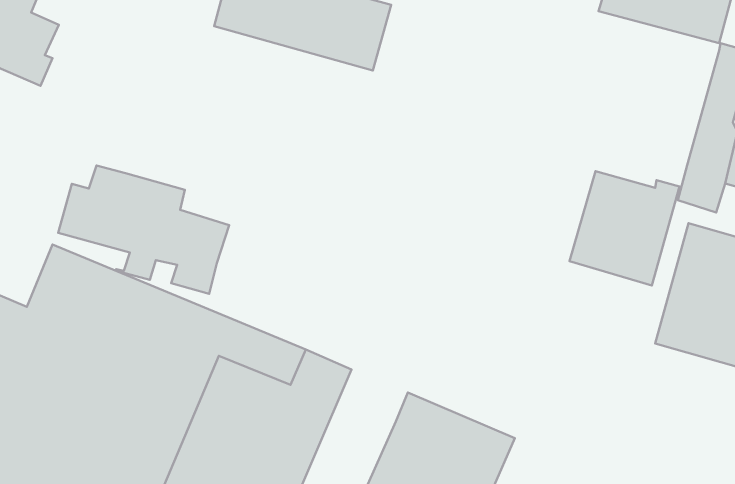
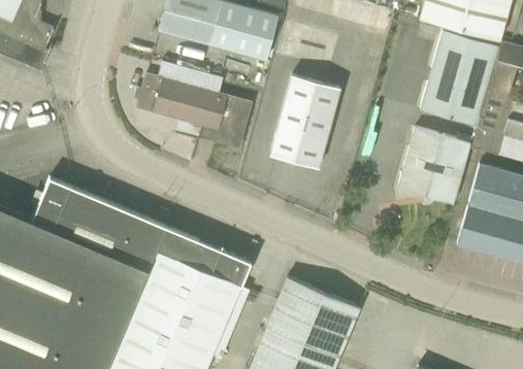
building: none -> [422,31,499,124]
building: none -> [271,75,340,168]
building: [58,166,229,294] -> [136,62,252,148]

